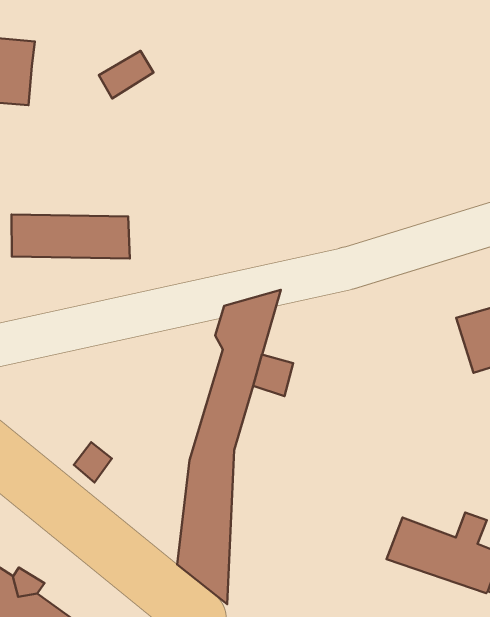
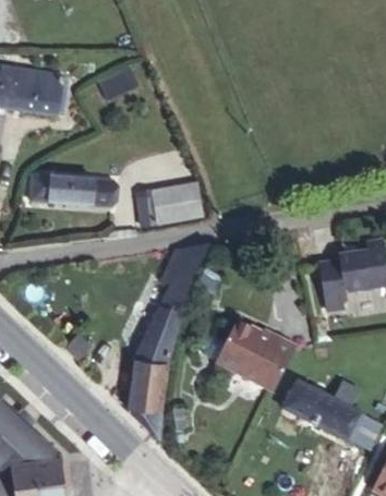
building: none -> [136,184,205,226]
building: none -> [201,318,293,387]

